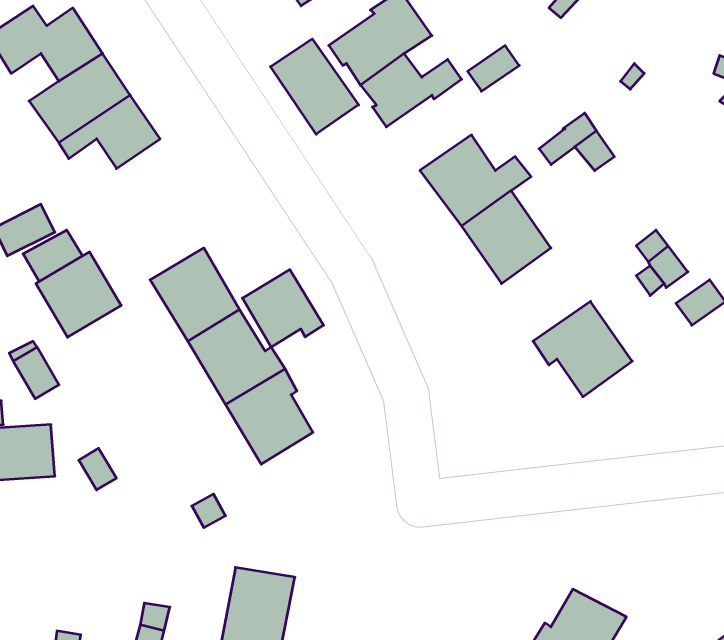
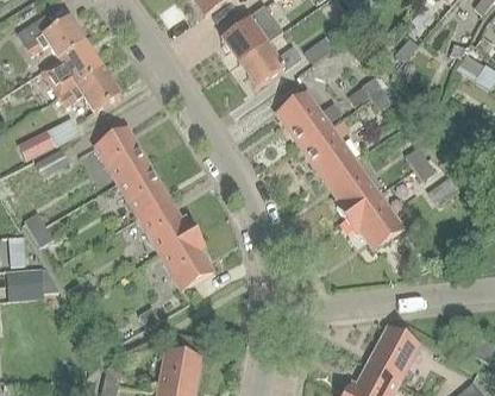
building: [270,39,359,134] -> none
building: none -> [324,158,377,214]
building: [36,252,121,337] -> [94,126,145,177]
building: [242,270,324,347] -> none
building: none -> [366,326,418,379]

